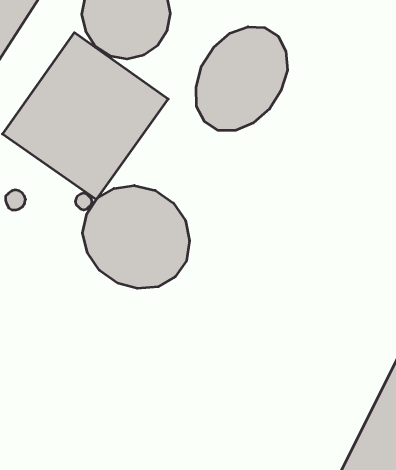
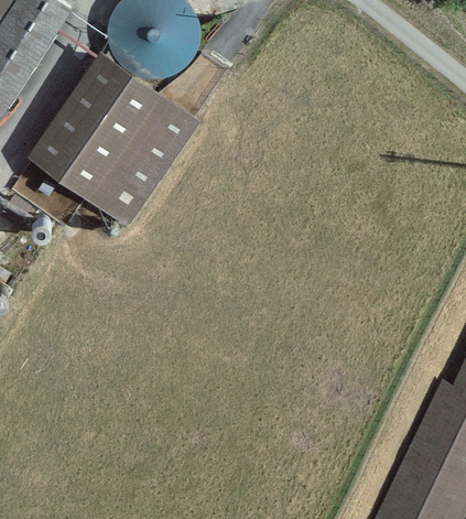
building: [196,27,287,130] -> none
building: [82,185,189,288] -> none

